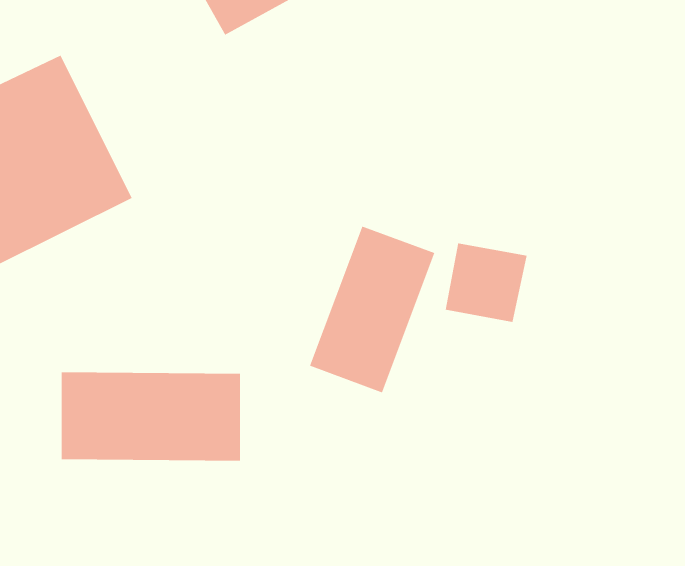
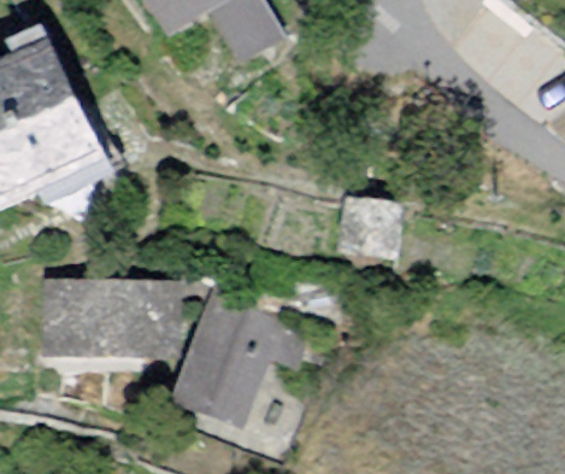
building: [309,226,435,393] -> [189,297,284,423]

